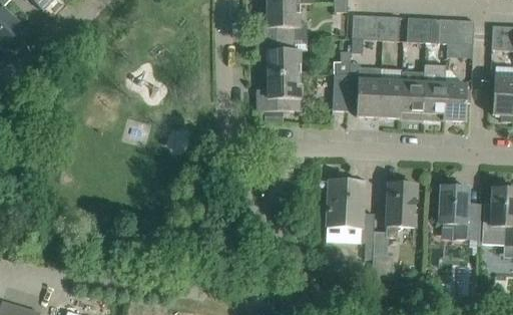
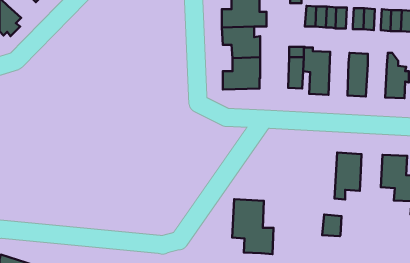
building: [422,63,447,119] -> none
building: [379,67,402,117] -> none
building: [328,180,375,243] -> [232,199,273,254]

